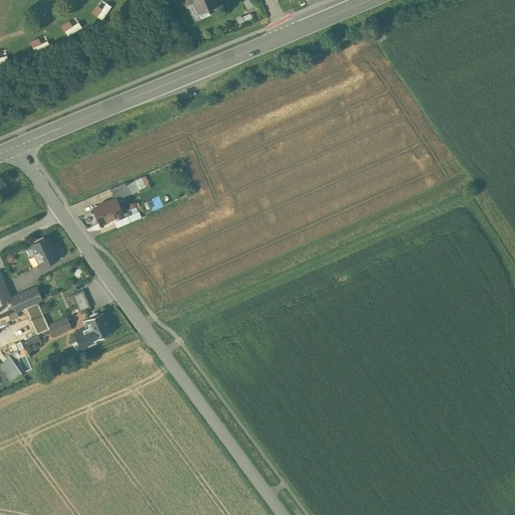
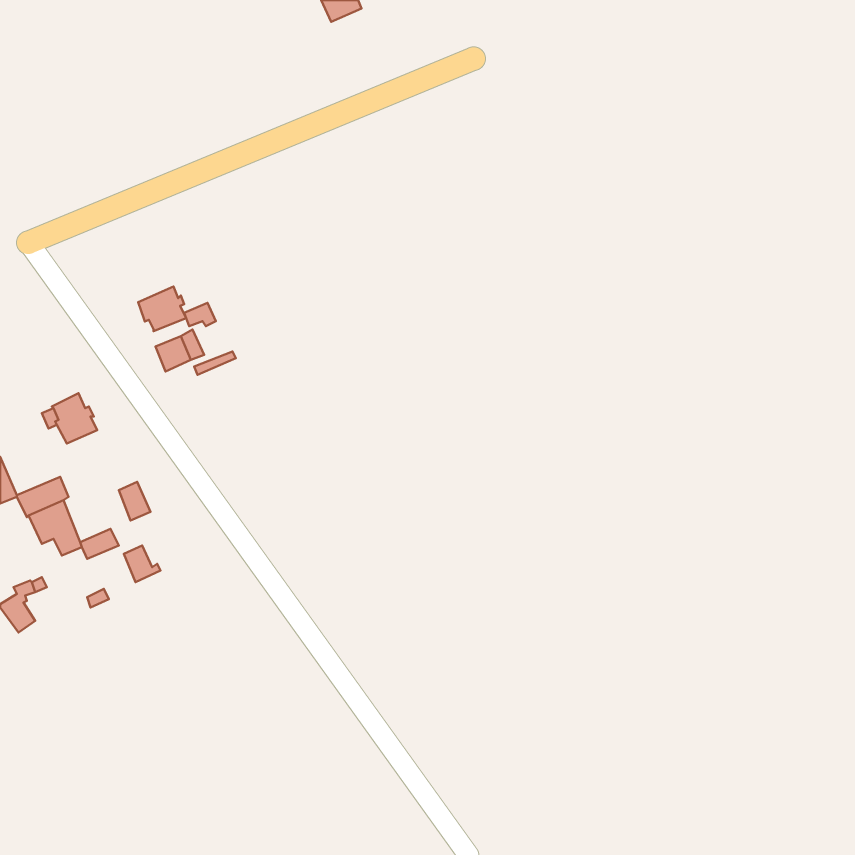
building: none -> [138,287,186,331]
building: [82,312,111,341] -> none

